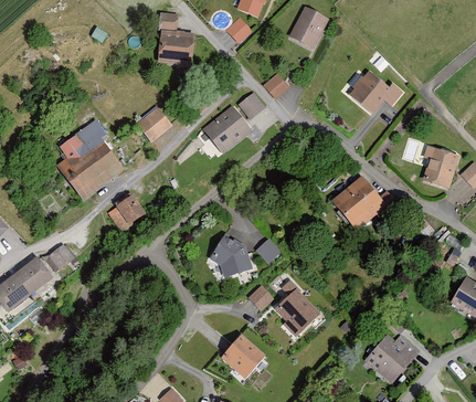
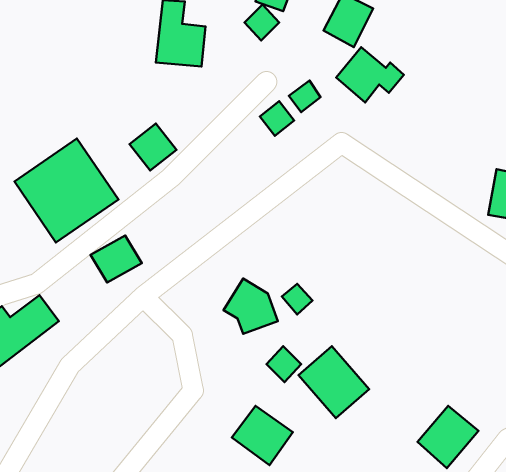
building: [351,70,405,114] -> [336,47,404,103]
building: [205,105,254,152] -> none
building: [332,173,388,229] -> none

